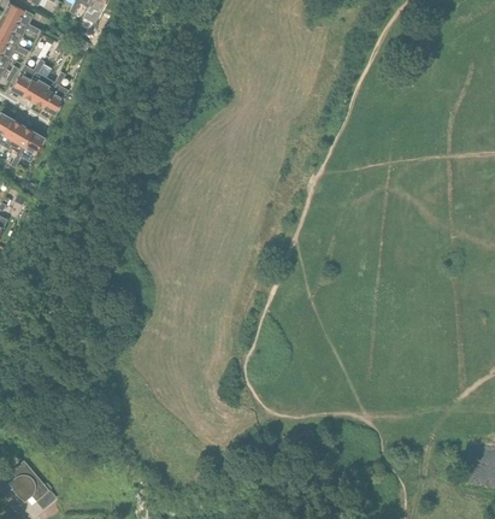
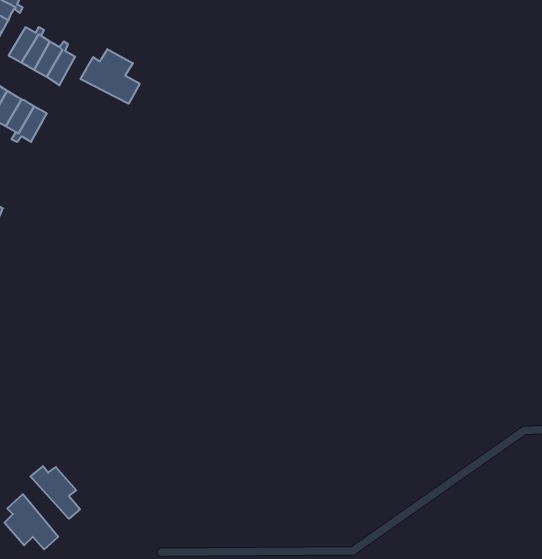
building: none -> [81,49,140,104]
building: none -> [30,466,80,519]

